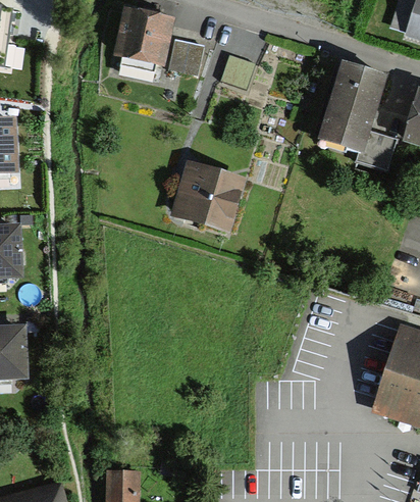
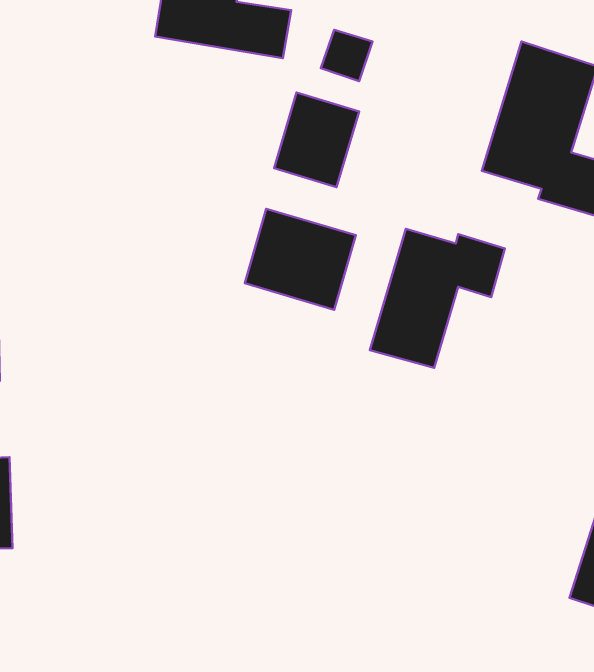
building: none -> [274,93,359,187]
building: none -> [370,229,505,368]

